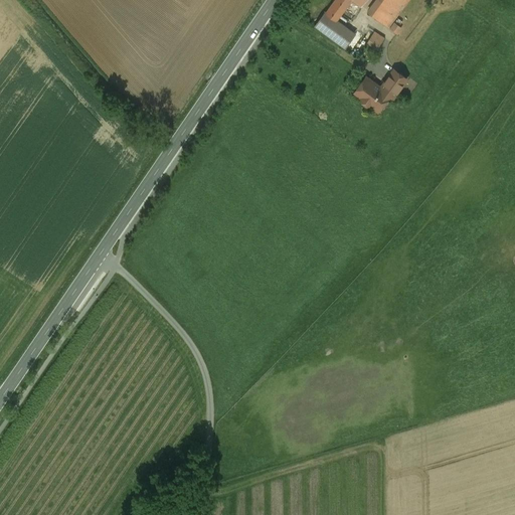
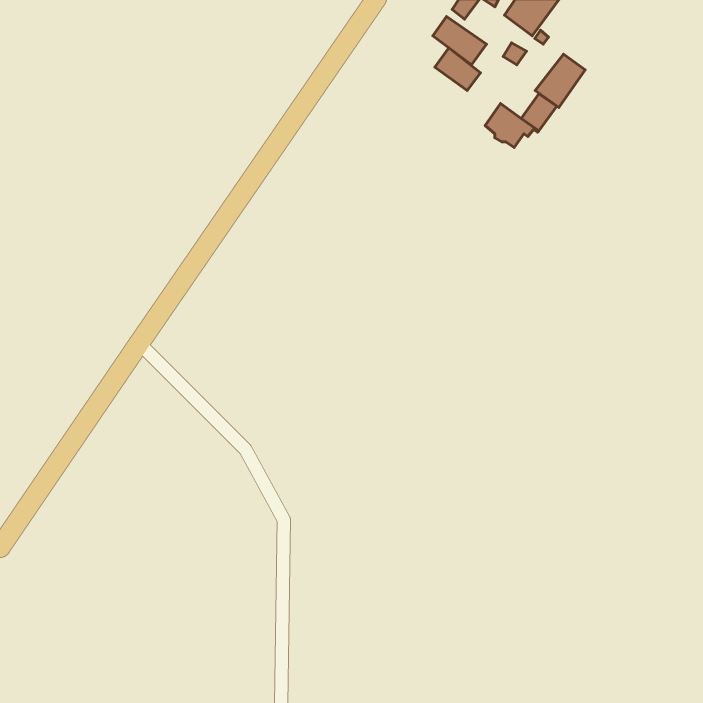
building: none -> [435,48,481,90]
building: none -> [535,54,585,107]

